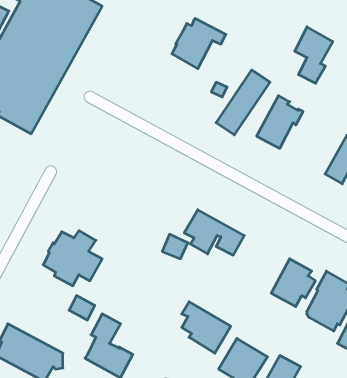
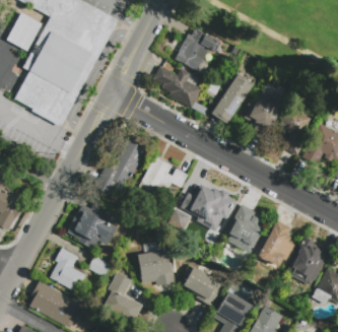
building: [295,27,333,83] -> [279,108,311,154]
building: none -> [153,66,202,108]
building: none -> [94,137,147,195]
building: none -> [136,156,188,201]
building: none -> [227,203,264,253]
building: none -> [51,249,85,292]
building: none -> [138,250,176,286]

